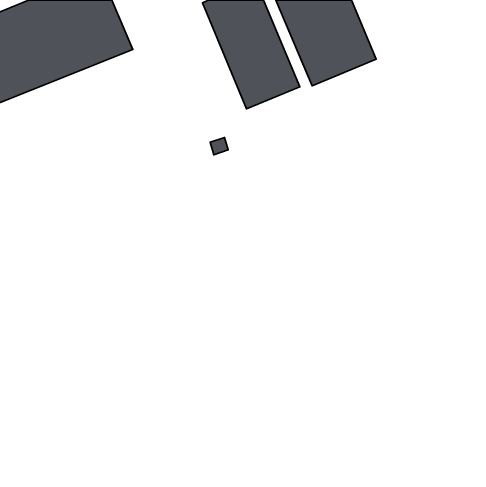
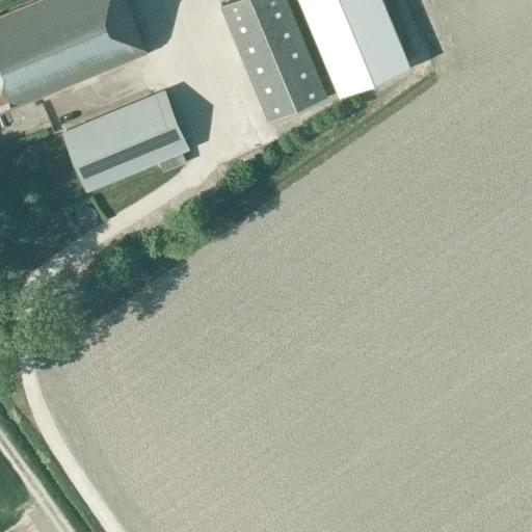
building: none -> [59,88,189,192]

